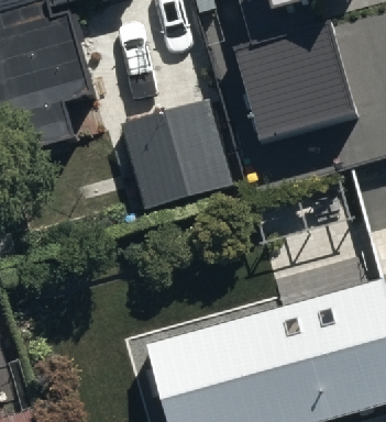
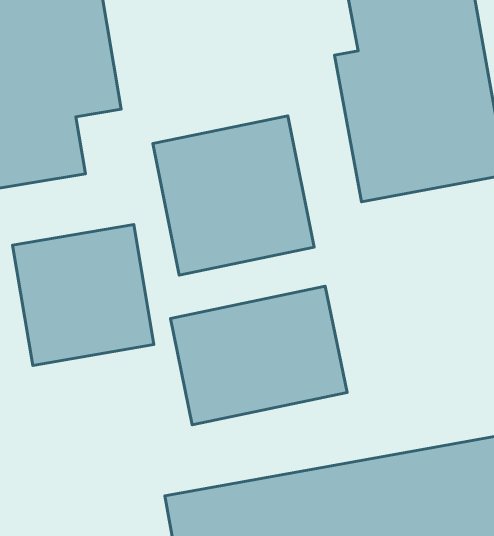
building: none -> [13,224,154,365]
building: none -> [170,286,347,425]

